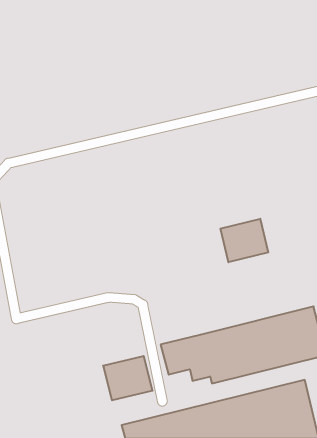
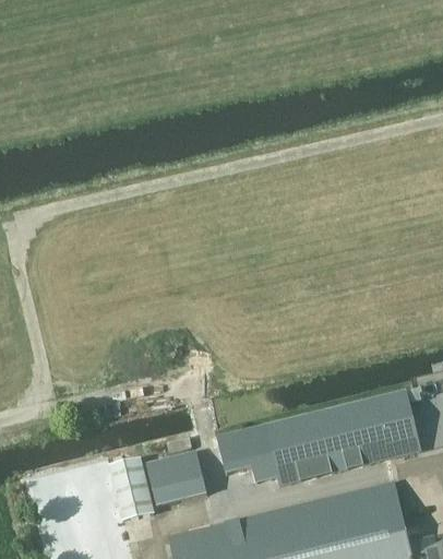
building: [221,219,268,262] -> none
building: none -> [107,459,153,521]

